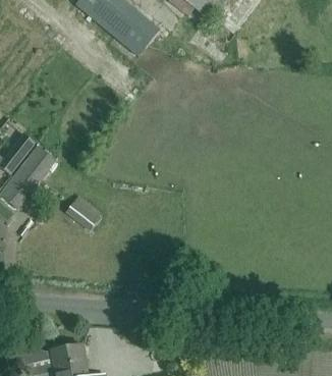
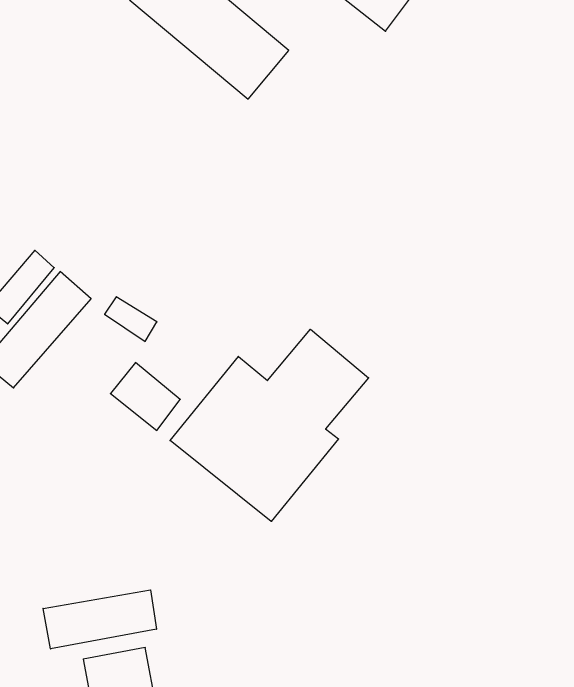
building: none -> [170,329,369,521]
building: none -> [43,590,156,649]

